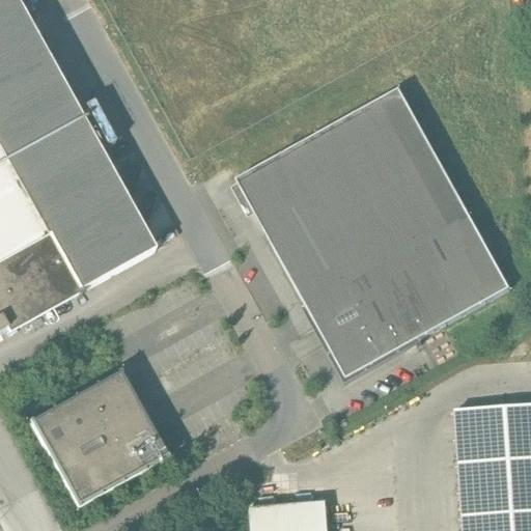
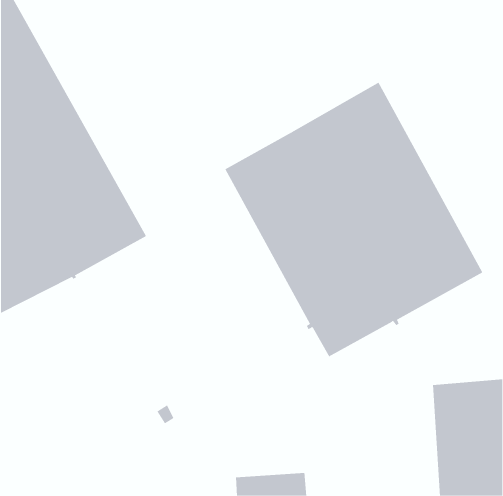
building: [29,370,167,505] -> none

